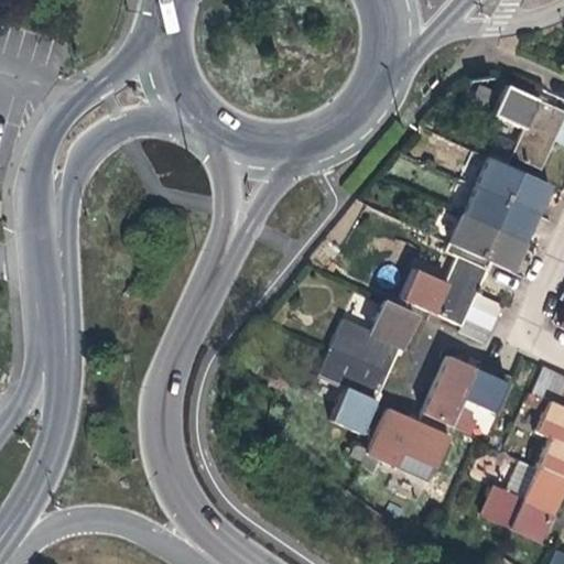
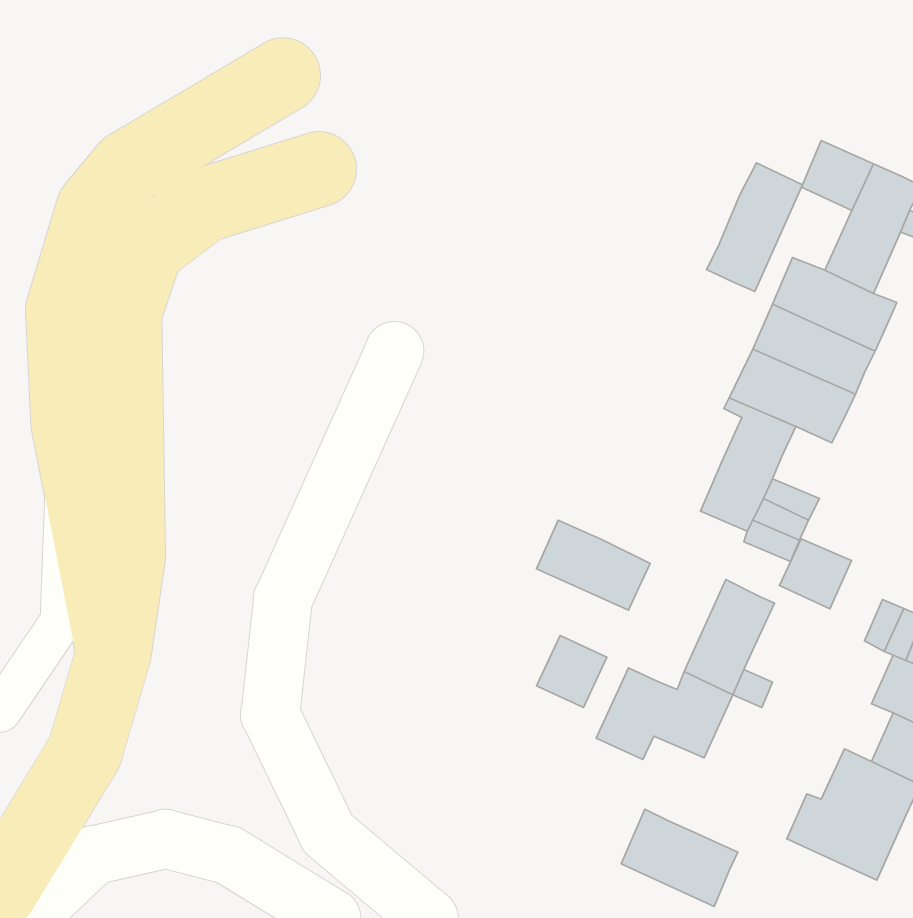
building: none -> [706,163,802,292]
building: [403,269,446,313] -> none
building: [373,301,415,345] -> none
building: [319,348,389,402] -> none
building: [465,369,509,412] -> [779,539,852,609]
building: none -> [621,809,738,907]

